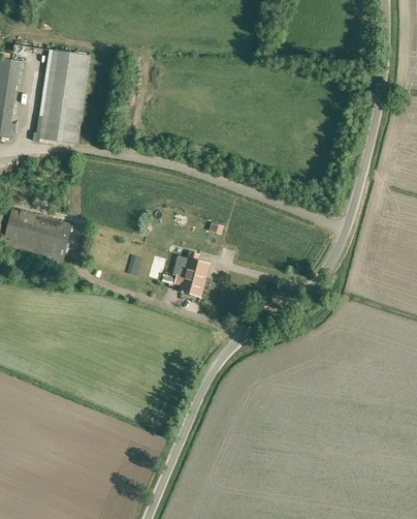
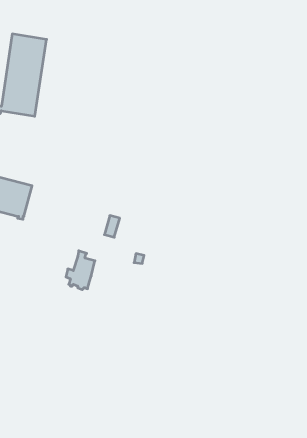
building: [174,252,207,297] -> [66,251,95,290]

